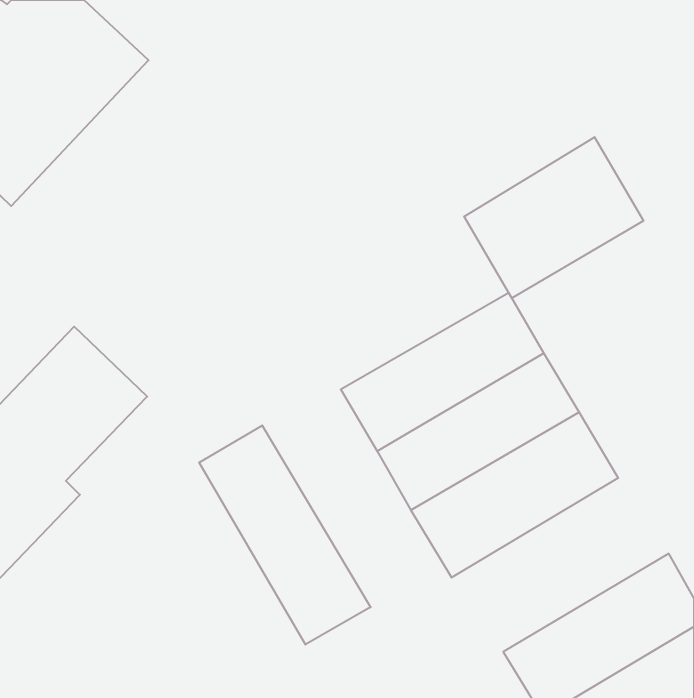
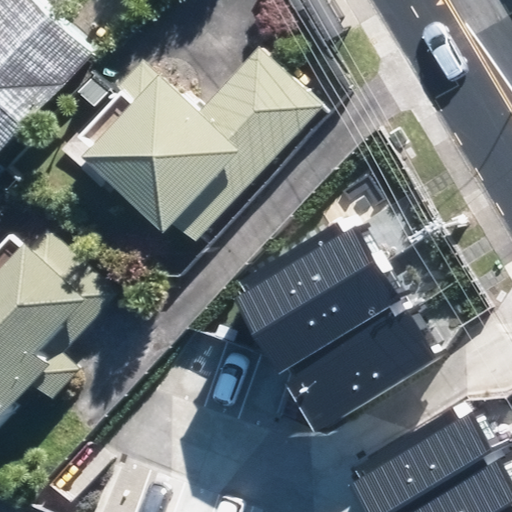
building: none -> [110,63,319,229]
building: [464,137,643,298] -> none
building: [199,425,371,645] -> none

